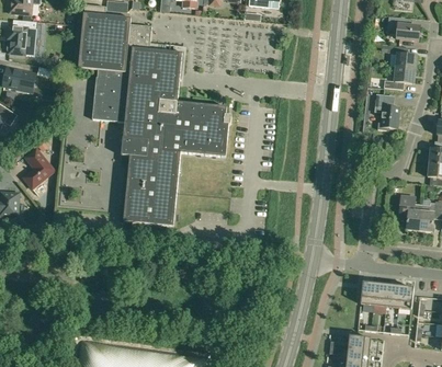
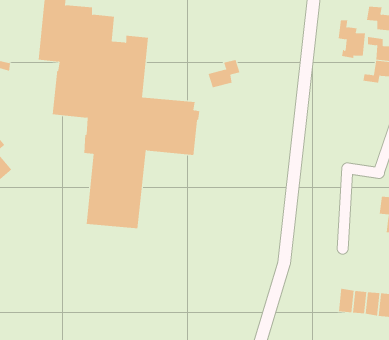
building: none -> [208,59,240,88]
building: [373,94,399,130] -> [338,20,366,58]

